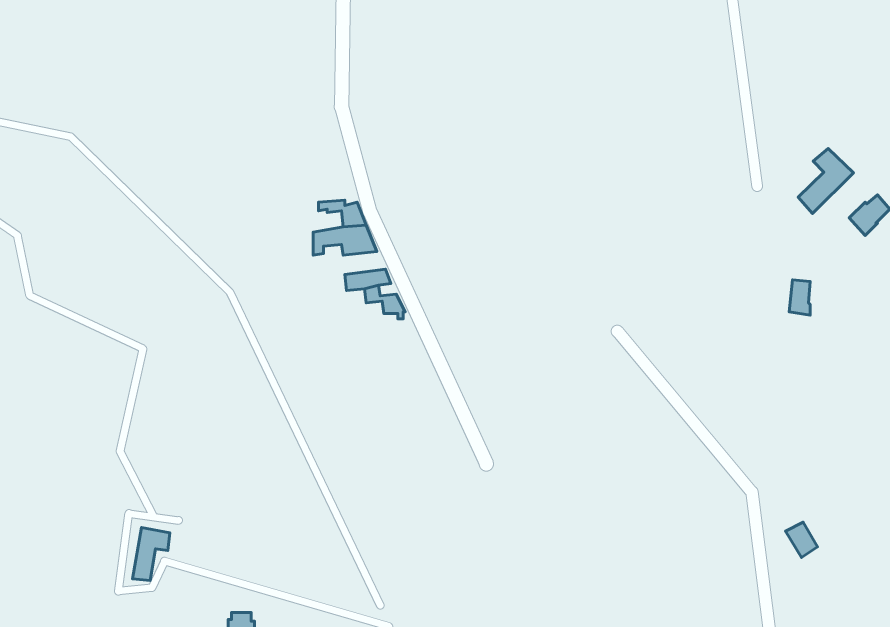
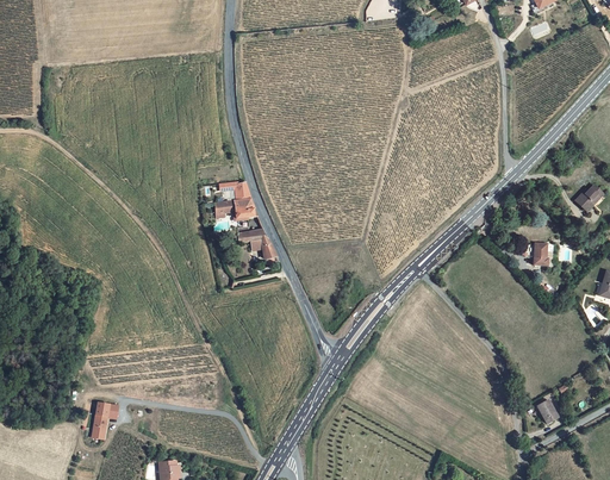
building: [798,148,853,214] -> none

